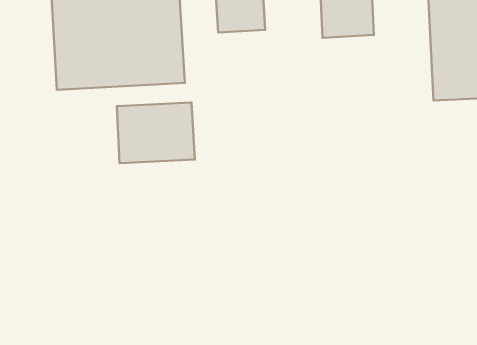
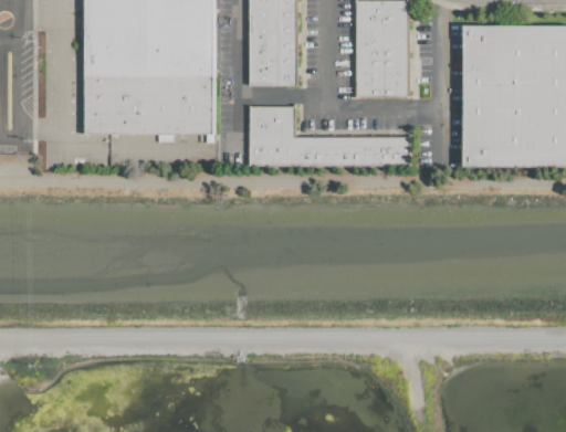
building: none -> [249,106,410,166]
building: [117,102,195,163] -> none

